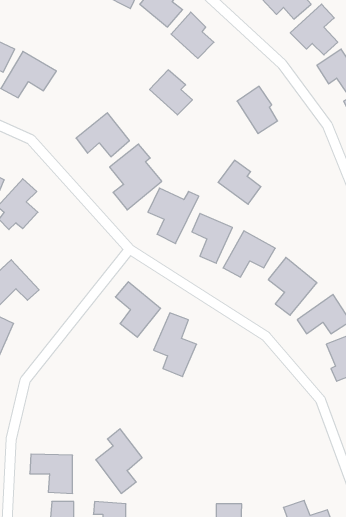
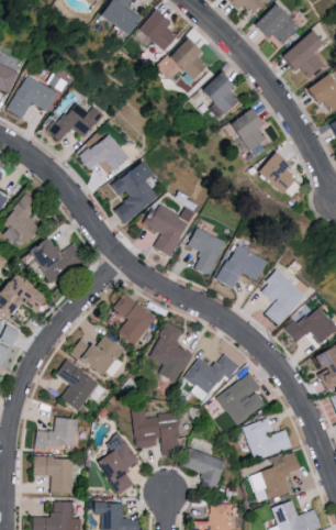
building: [150,70,192,115] -> [200,70,240,113]
building: none -> [49,100,100,141]
building: [218,160,261,204] -> [257,152,298,194]
building: none -> [27,236,86,283]
building: none -> [71,336,125,378]
building: none -> [184,352,240,400]
building: none -> [56,358,107,412]
building: none -> [217,372,265,423]
building: none -> [133,408,181,452]
building: none -> [35,417,79,449]
building: none -> [244,418,293,460]
building: none -> [182,446,226,485]
building: none -> [260,452,302,498]

